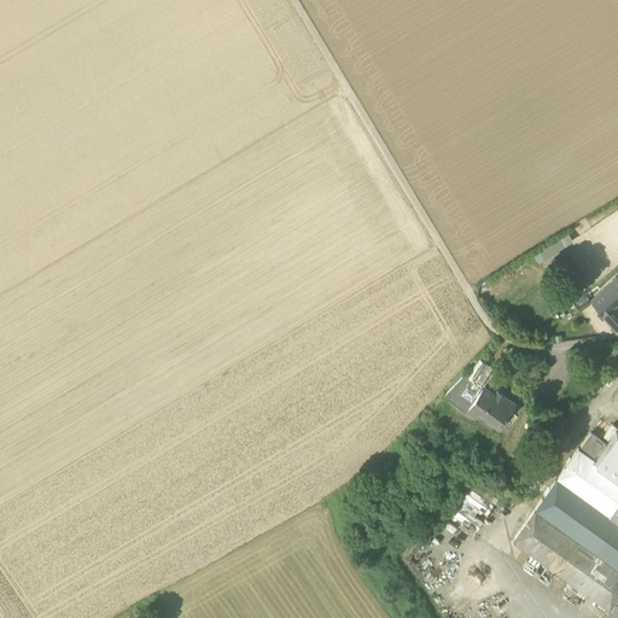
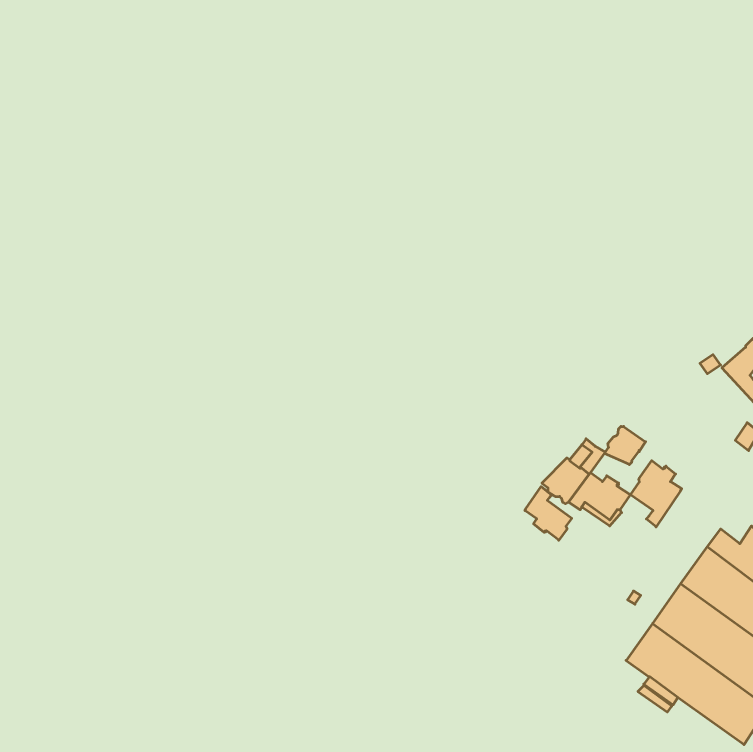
building: none -> [604,426,646,465]
building: none -> [630,461,682,527]
building: none -> [525,487,572,540]

